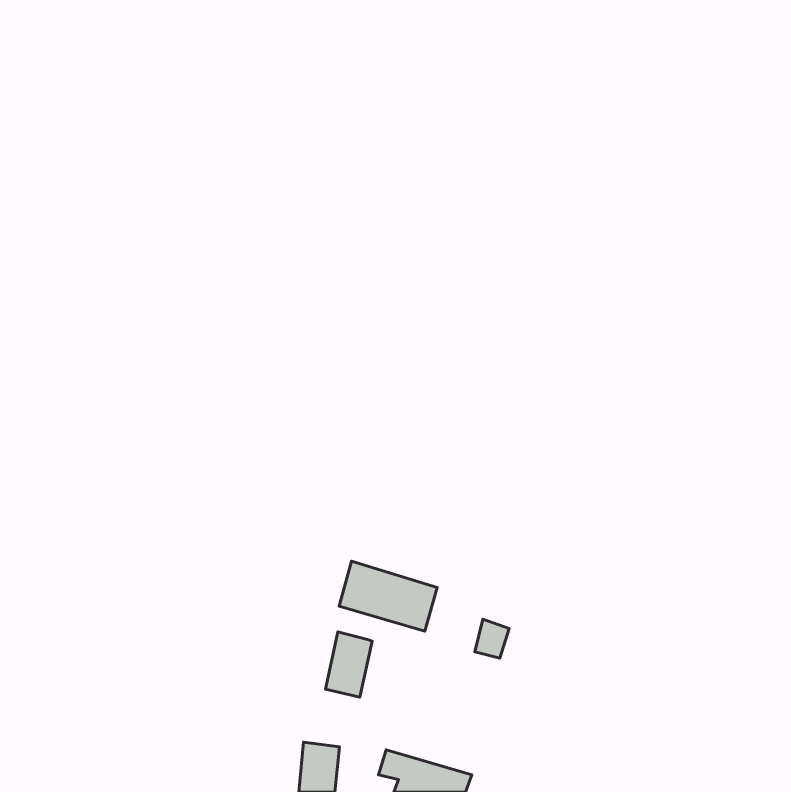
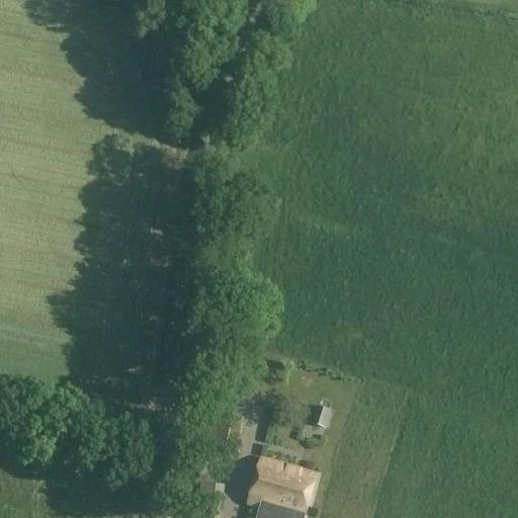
building: [339,561,437,631] -> [251,458,315,504]

